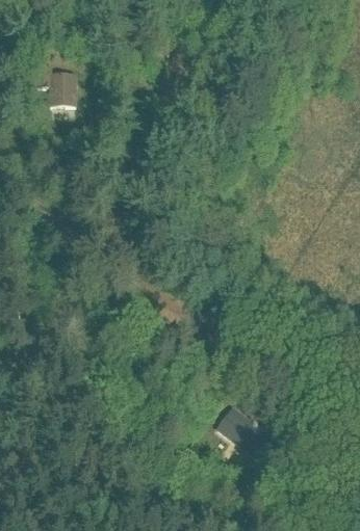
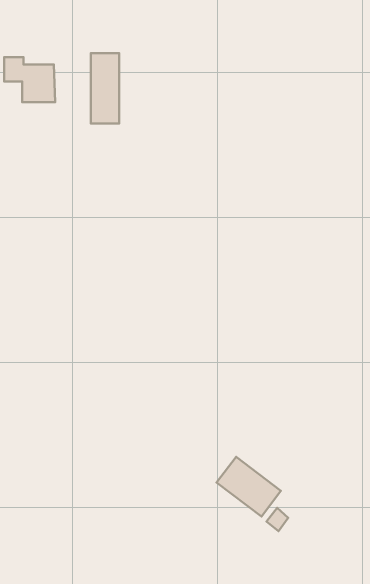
building: none -> [91,53,119,124]

